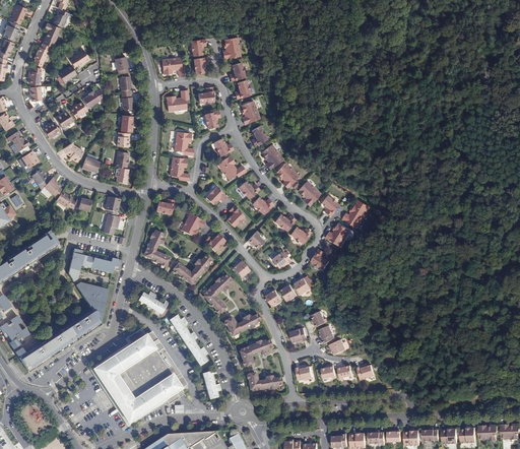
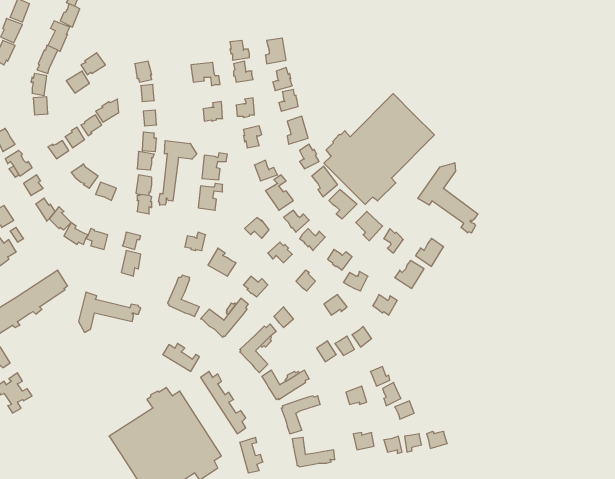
building: none -> [324,94,434,204]
building: none -> [159,141,197,205]
building: none -> [418,163,478,233]
building: [14,282,108,372] -> none

